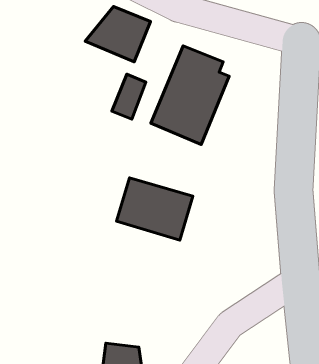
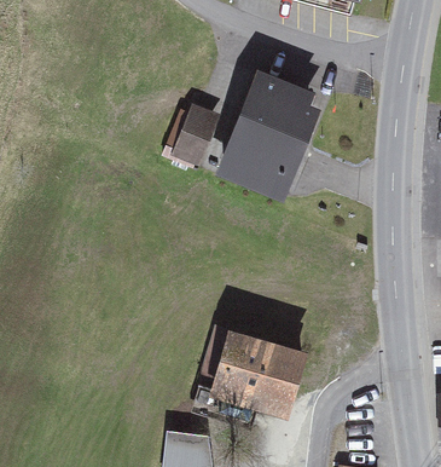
building: [85,7,151,62] -> none
building: [117,178,193,240] -> [213,334,304,409]

